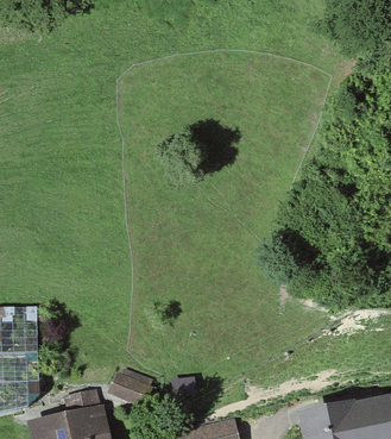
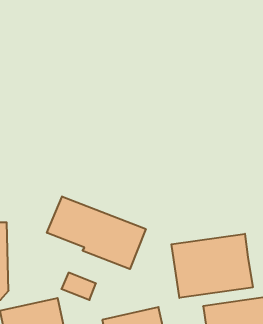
building: none -> [47,196,146,269]
building: none -> [171,234,253,298]

